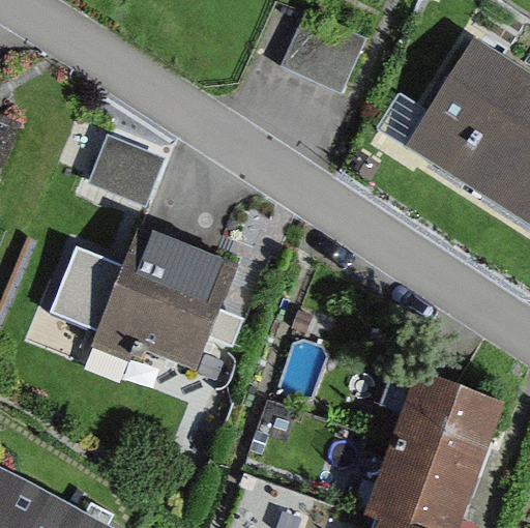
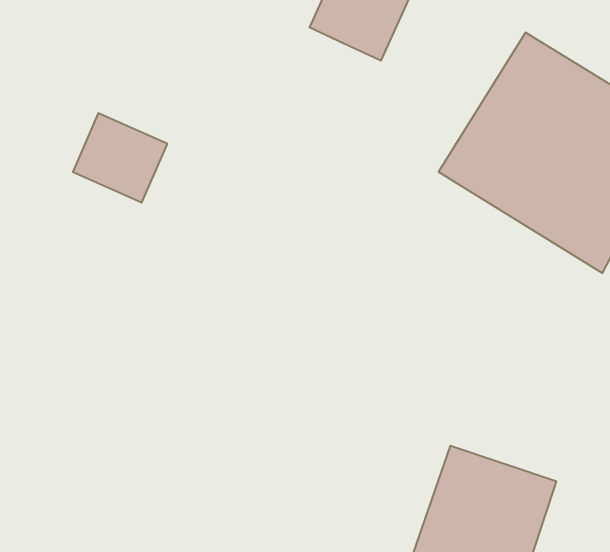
building: [53,224,239,368] -> none

